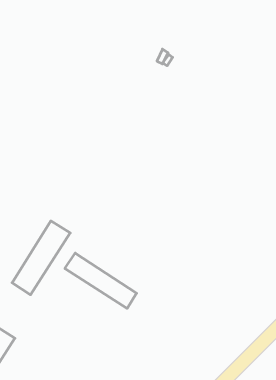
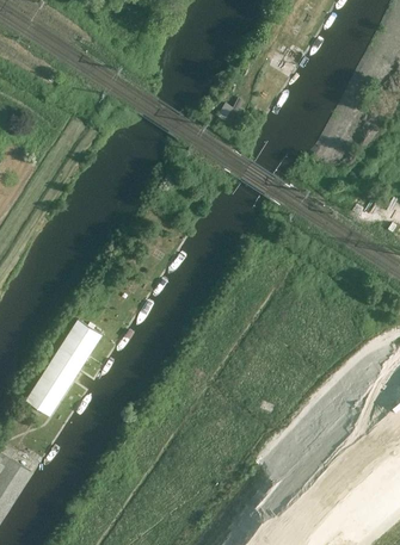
building: [65,253,137,308] -> none

